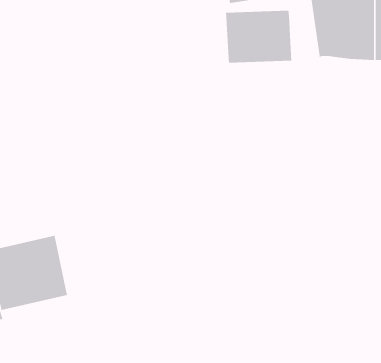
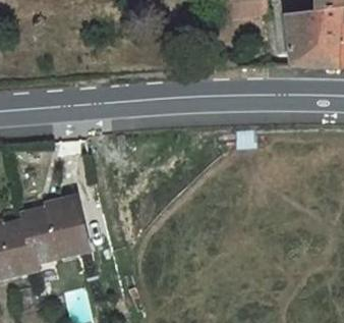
building: [225,10,292,63] -> none

